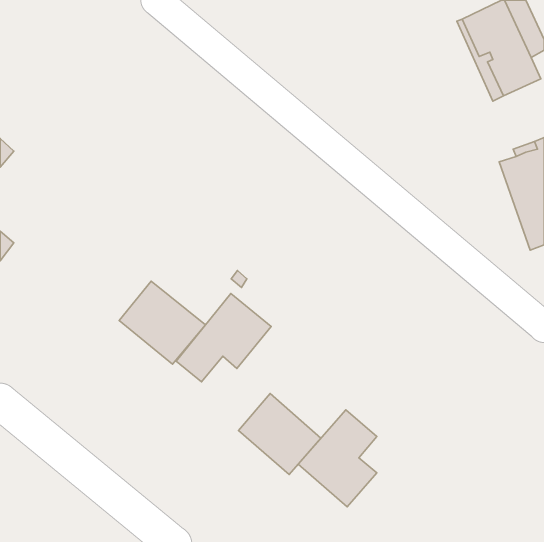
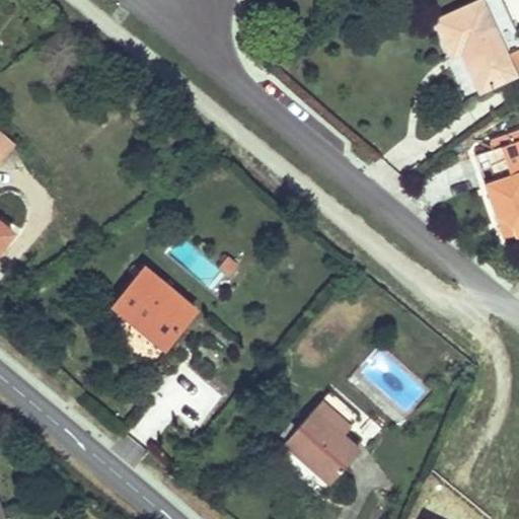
building: [176,293,271,382] -> none
building: [239,393,321,474] -> none

